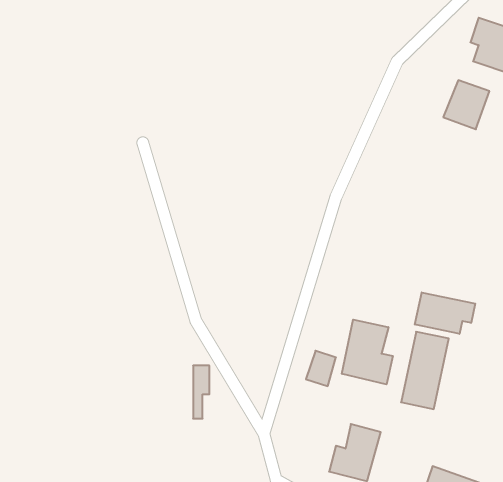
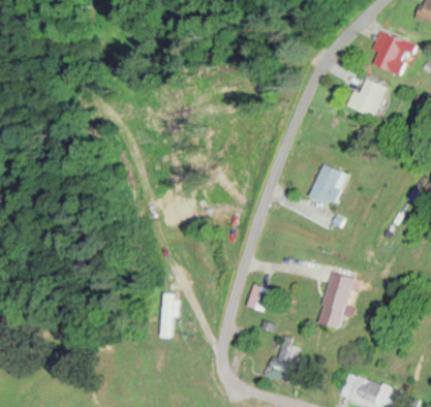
building: none -> [312,165,348,206]
building: [415,292,475,334] -> none
building: [342,320,393,384] -> none

